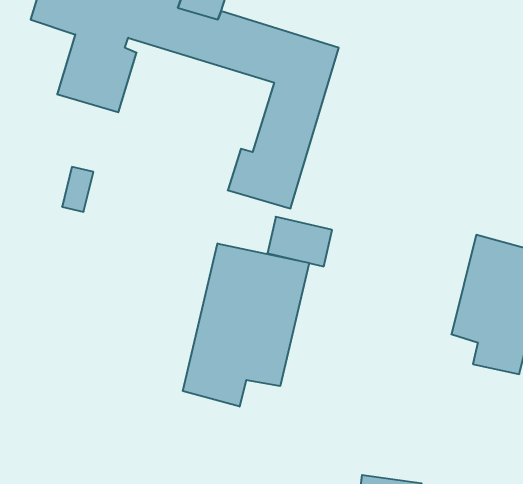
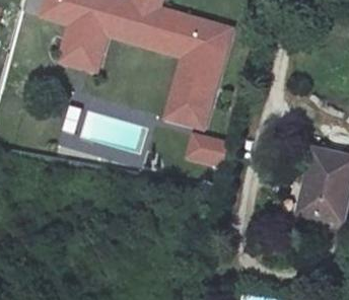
building: none -> [99,24,191,94]
building: [183,243,309,407] -> none

